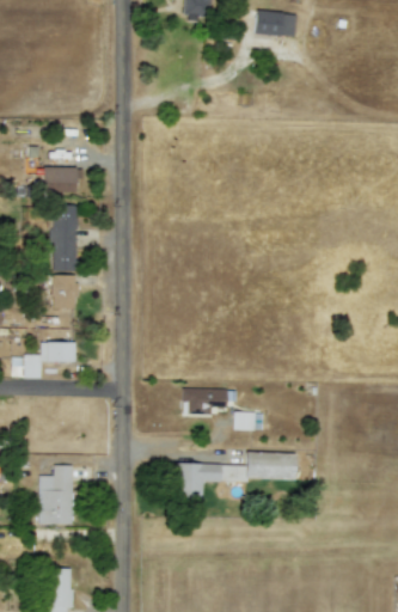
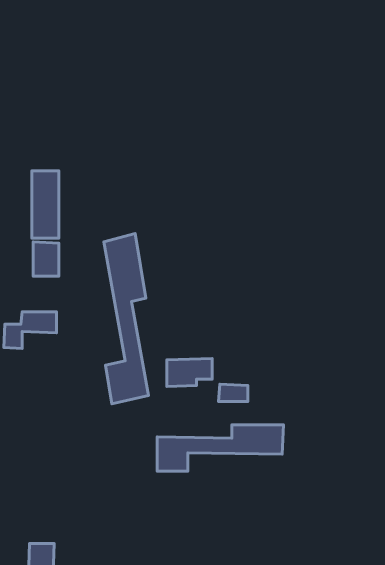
building: [43,166,78,192] -> none
building: none -> [104,233,149,404]
building: [39,465,74,524] -> none

